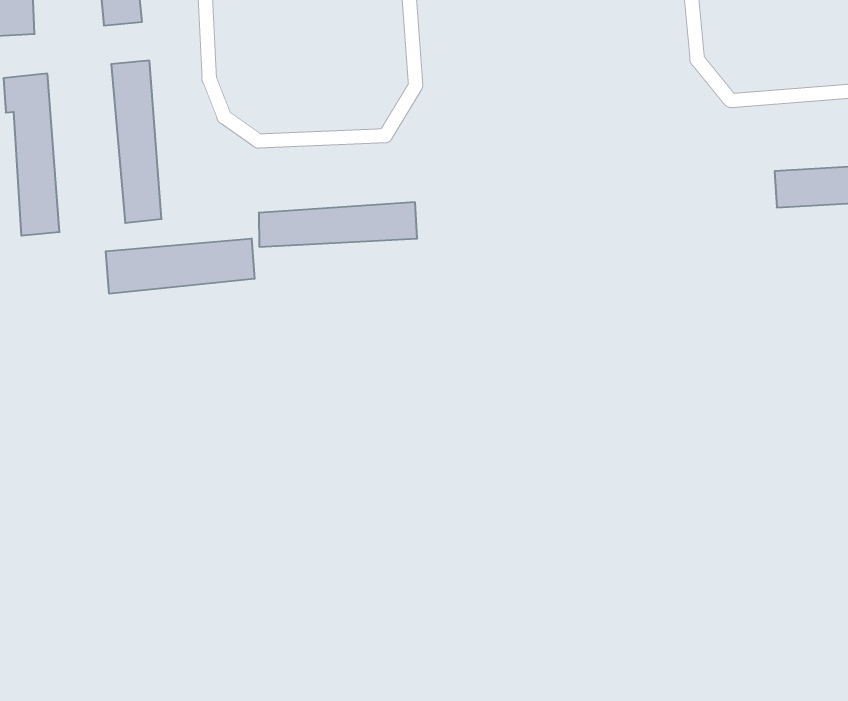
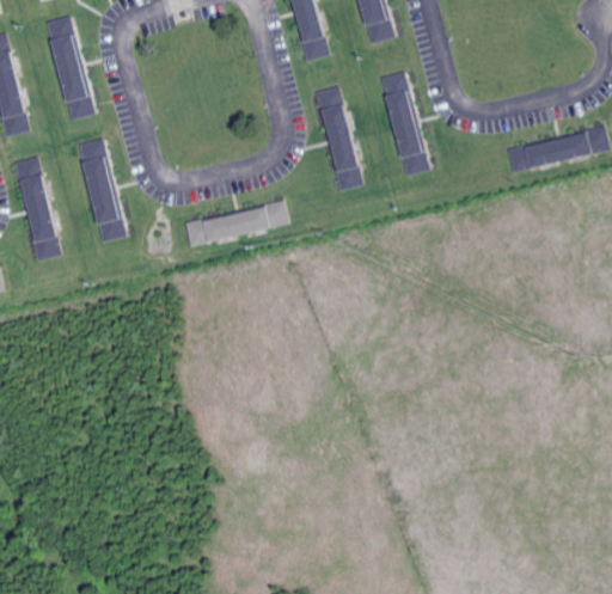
building: none -> [382,72,428,176]
building: none -> [314,85,363,190]
building: [106,238,254,294] -> none

